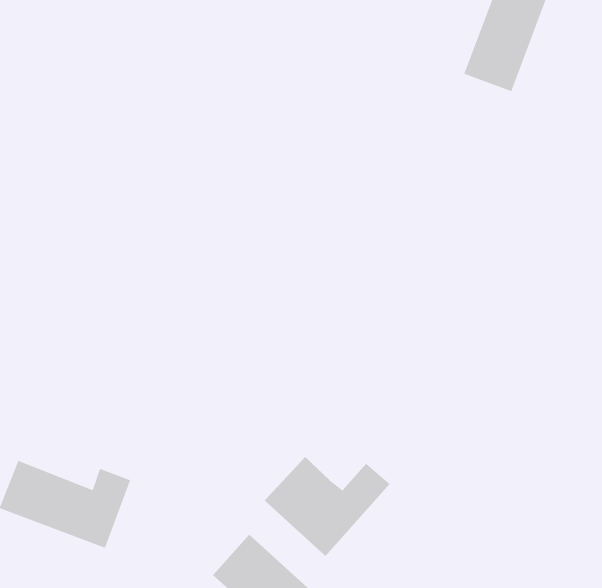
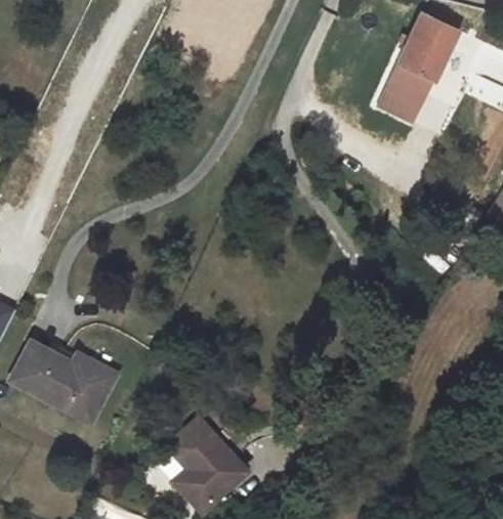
building: [264,456,390,557] -> none

